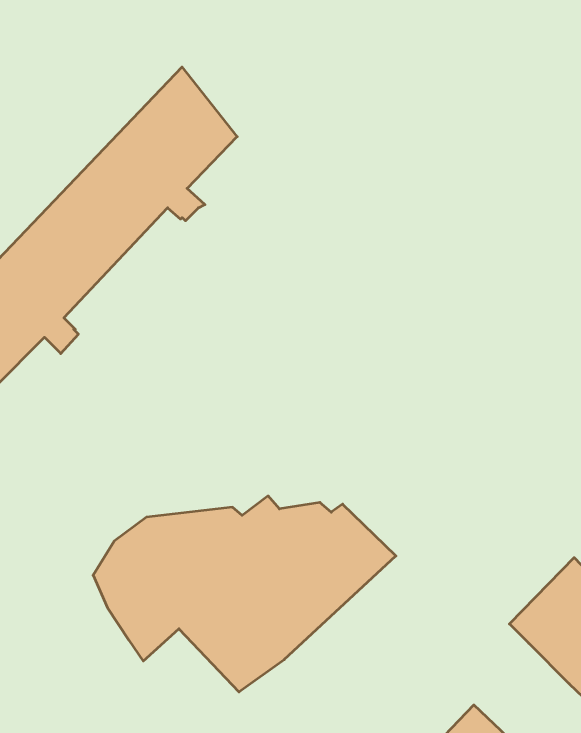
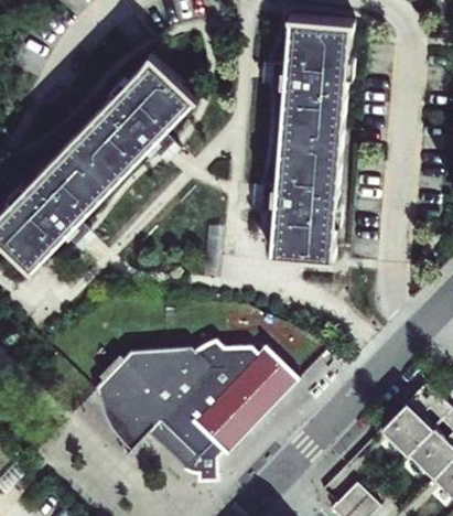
building: none -> [261,17,350,259]

